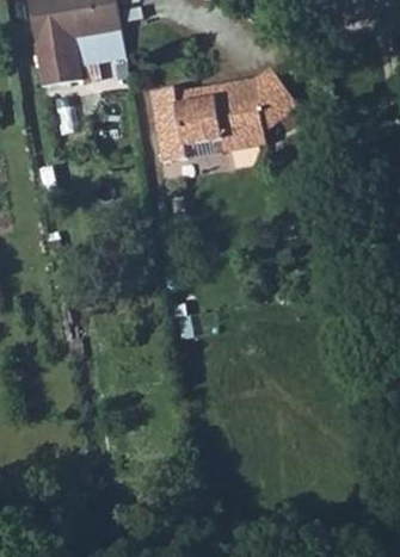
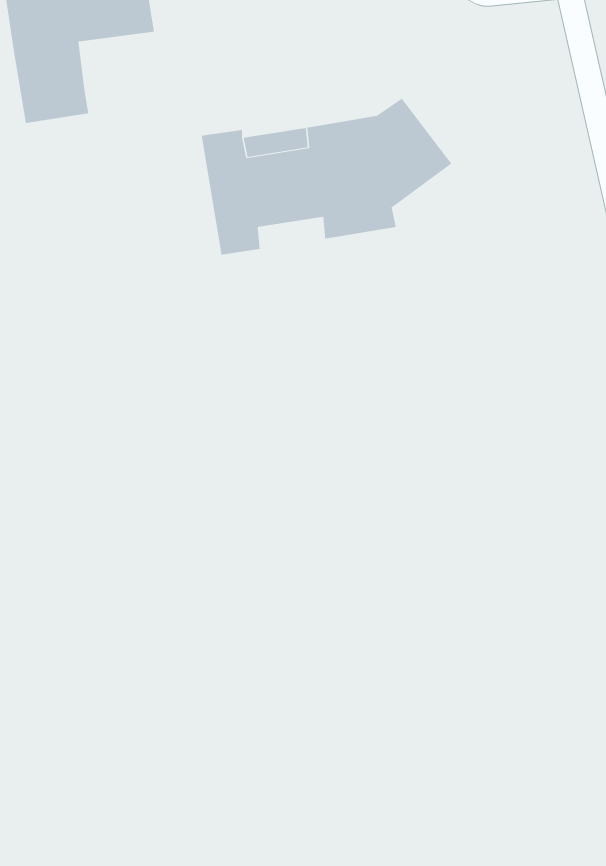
building: [76,32,127,67] -> none

